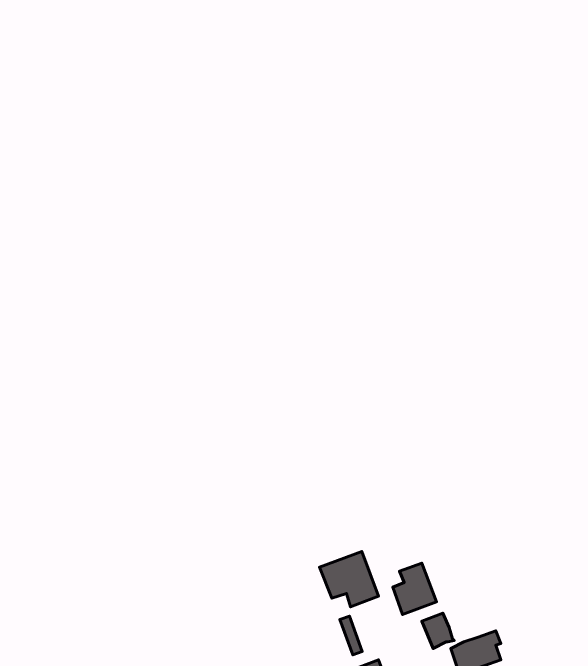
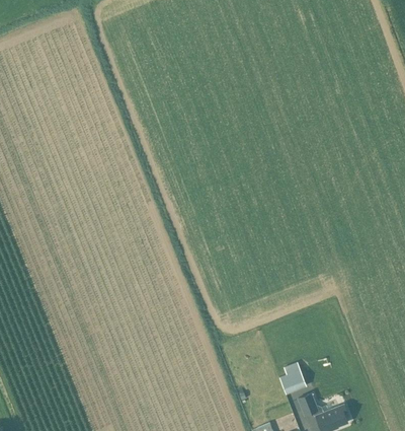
building: [320,552,378,607] -> none

